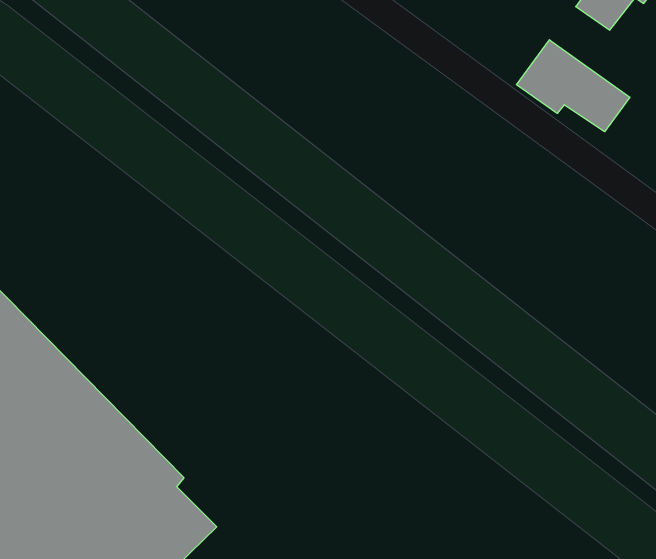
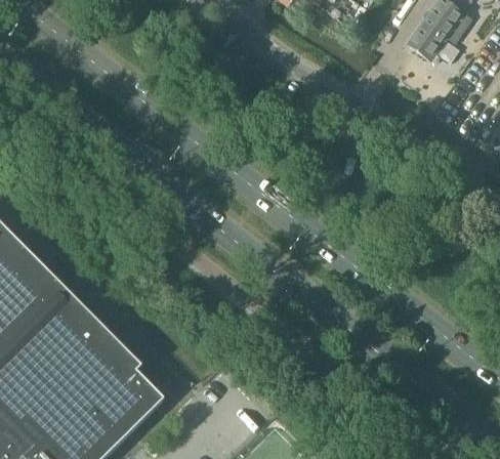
building: [516,40,630,132] -> none

